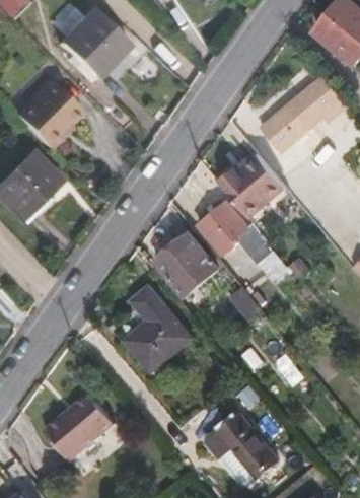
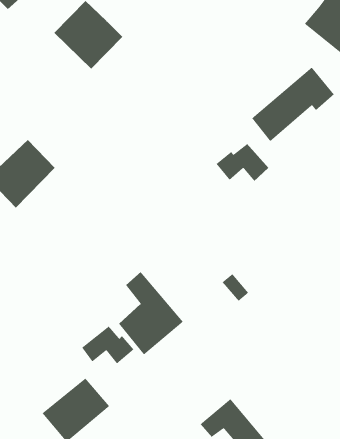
building: [10,78,83,151] -> none
building: [198,201,286,279] -> none
building: [154,232,217,296] -> none
building: none -> [81,326,135,364]

